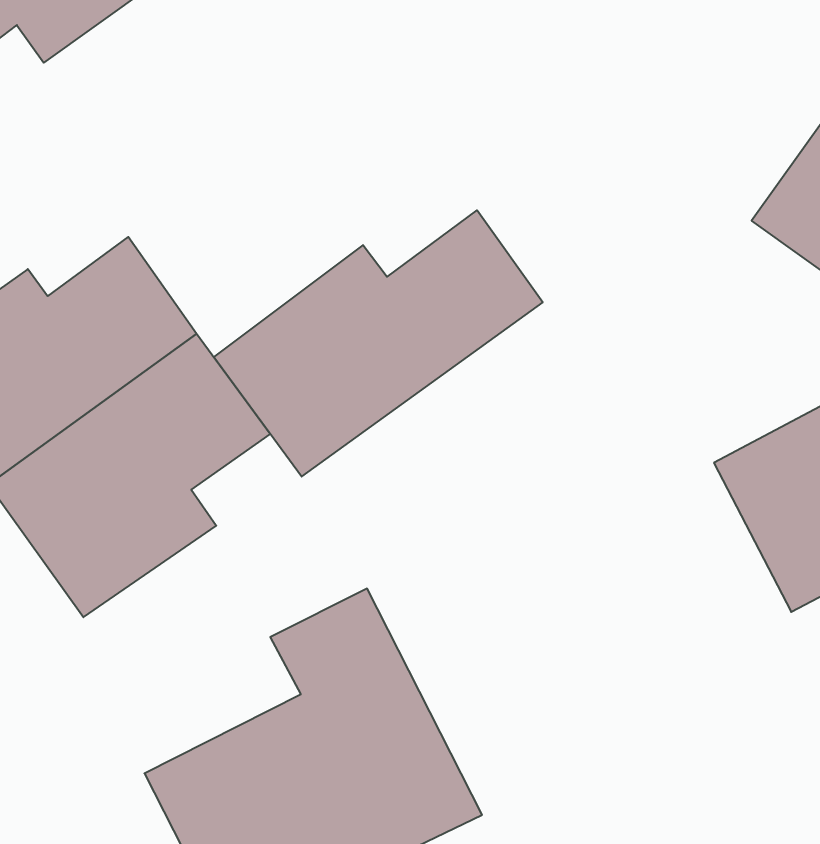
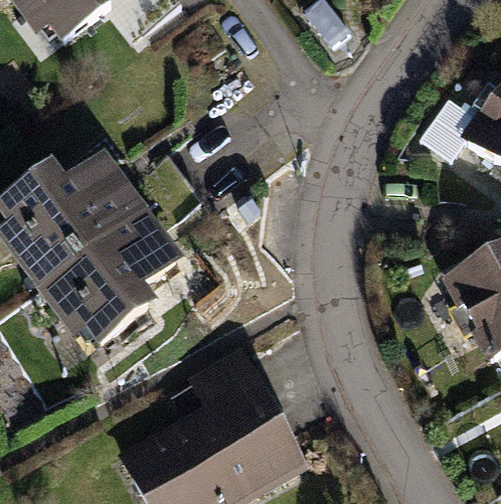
building: [214,210,543,477] -> none

